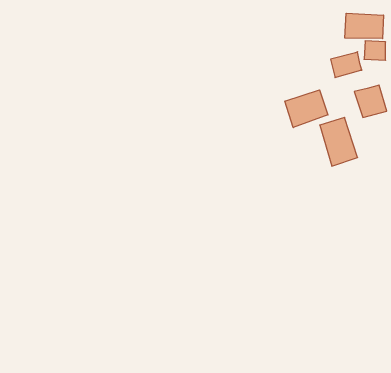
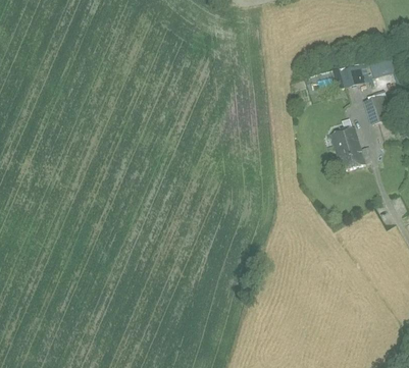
building: [345,13,383,39] -> none
building: [285,90,328,128] -> none

